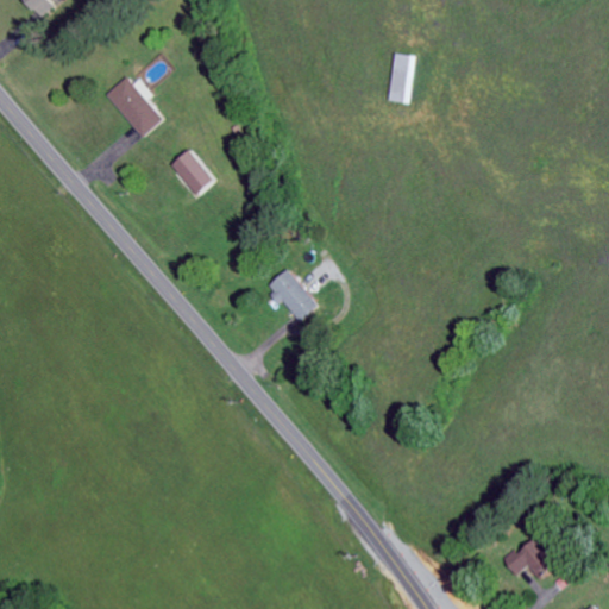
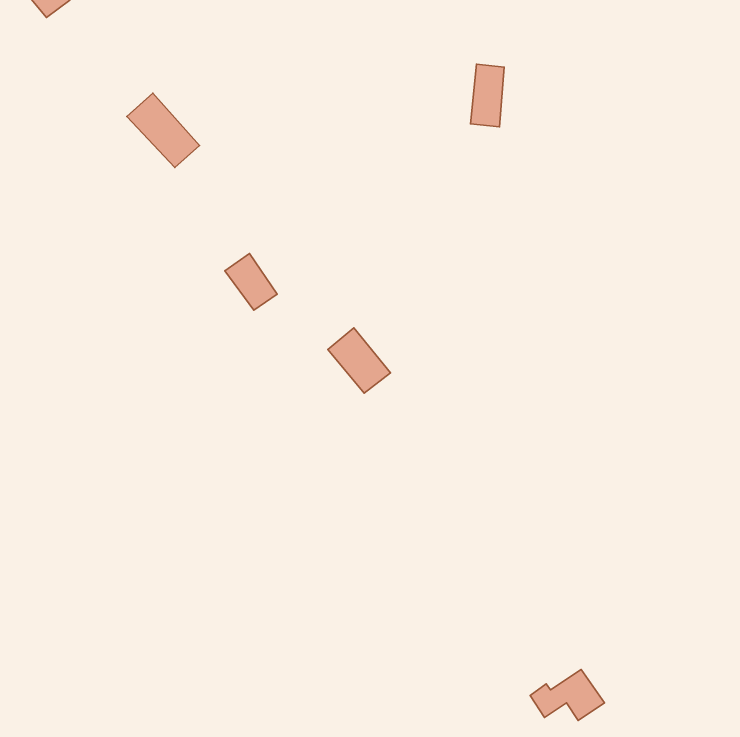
building: [172,150,215,196] -> [225,253,277,310]
building: [498,536,559,578] -> [530,669,604,720]

